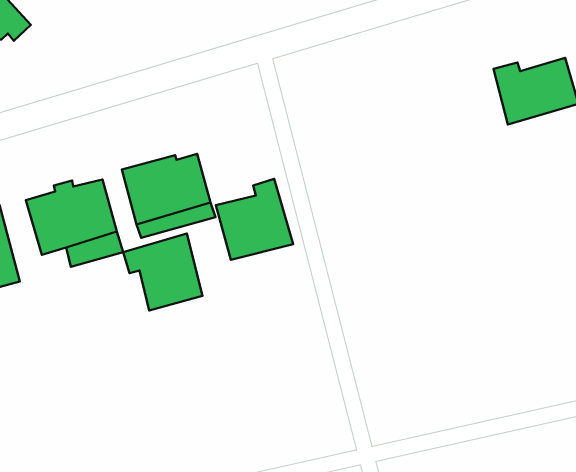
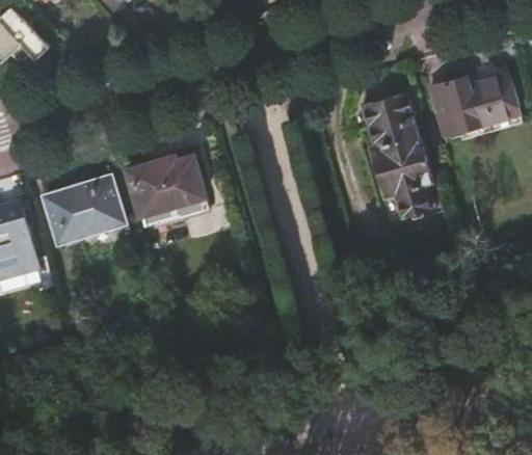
building: none -> [361,92,431,217]
building: [216,179,293,260] -> none
building: [123,233,203,310] -> none

